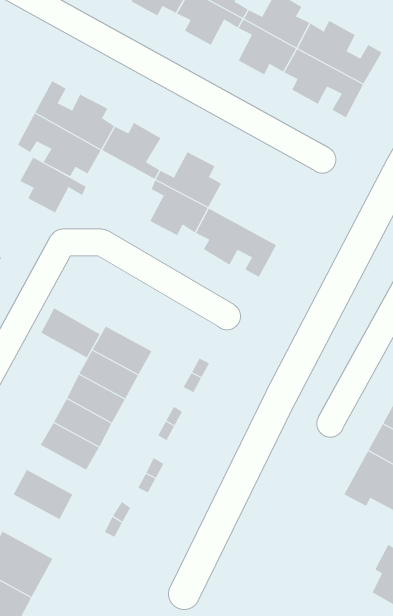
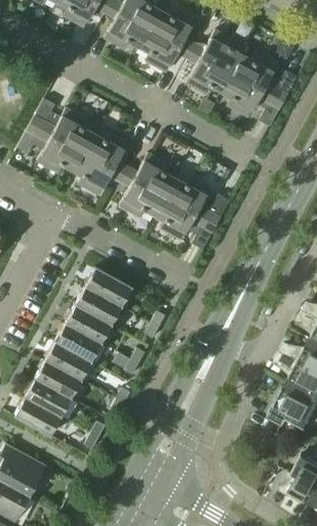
building: [19,157,86,213] -> [72,152,123,195]
building: none -> [164,176,230,225]
building: [40,307,101,358] -> [85,267,131,306]
building: none -> [25,378,71,416]

